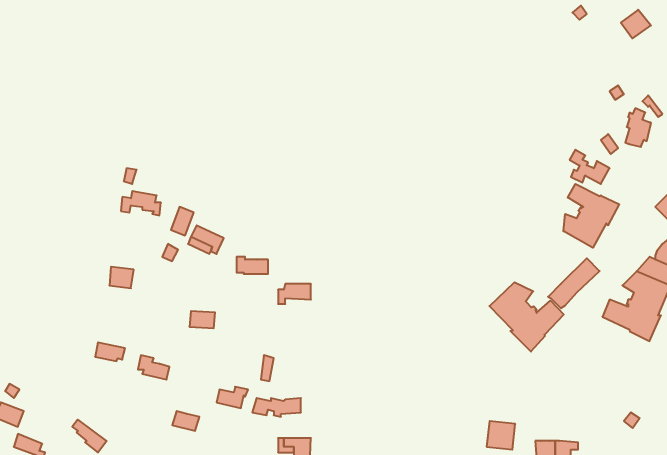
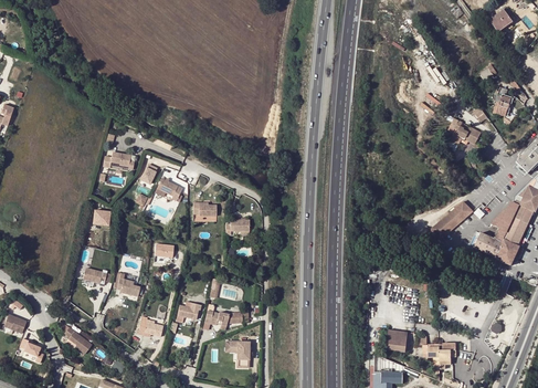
building: [563,184,619,248] -> none
building: [489,282,564,352] -> none

